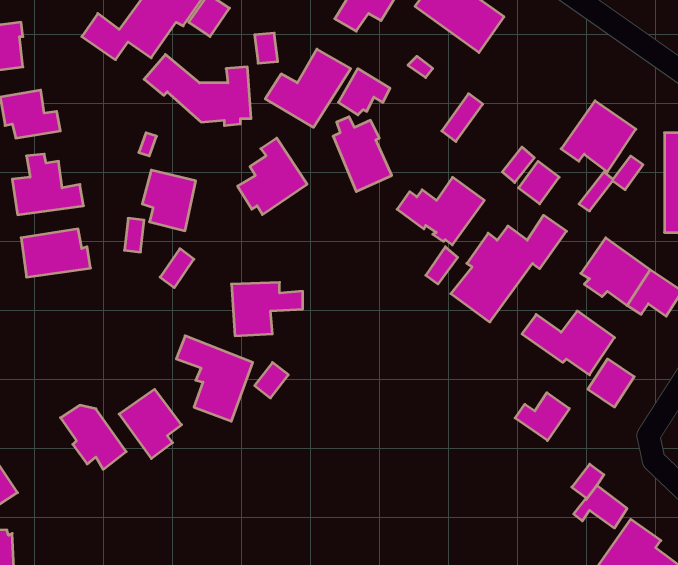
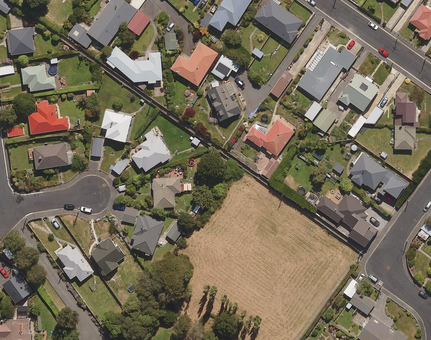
building: [238,138,307,215] -> [131,129,170,172]
building: [451,215,567,322] -> [296,36,361,96]
building: [515,393,569,441] -> none

